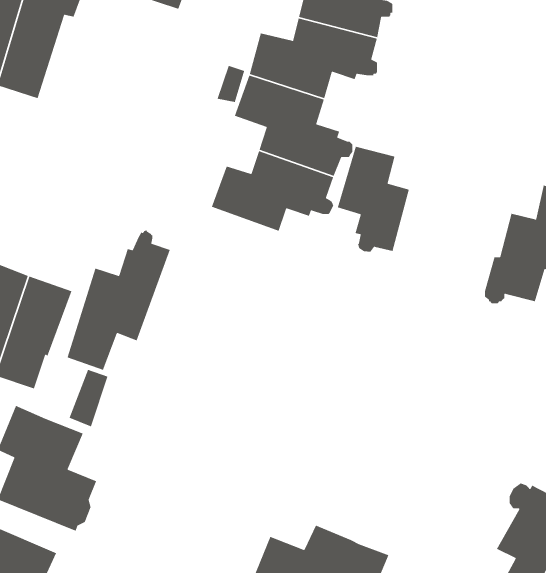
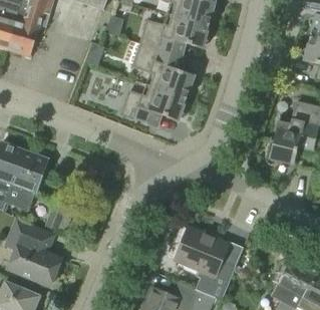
building: [337,146,410,253] -> none
building: [67,230,171,371] -> none
building: none -> [175,228,235,300]

